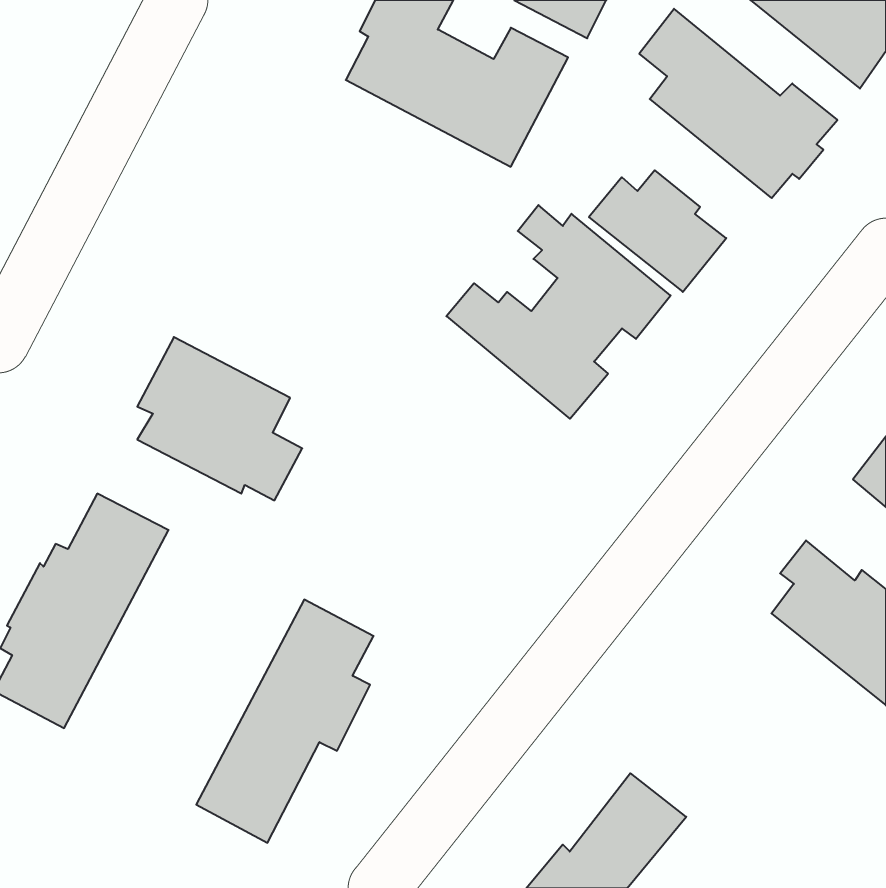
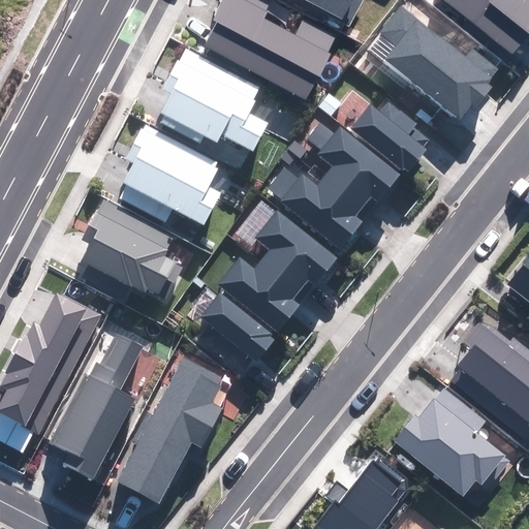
building: none -> [162,50,266,151]
building: none -> [120,123,220,225]
building: none -> [217,212,336,332]
building: none -> [200,292,275,361]
building: none -> [51,334,139,479]
building: none -> [394,390,508,496]

